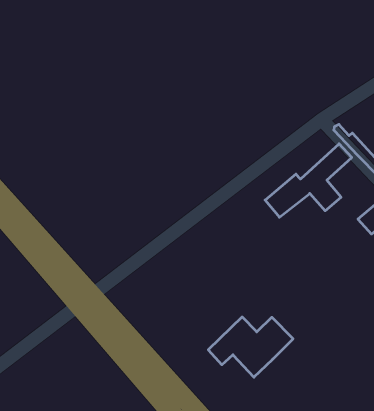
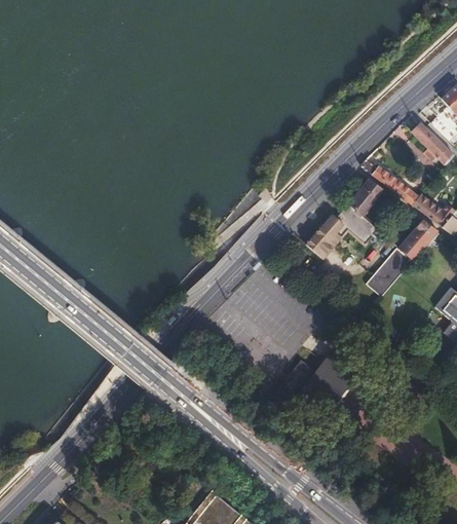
building: none -> [367,248,412,296]

